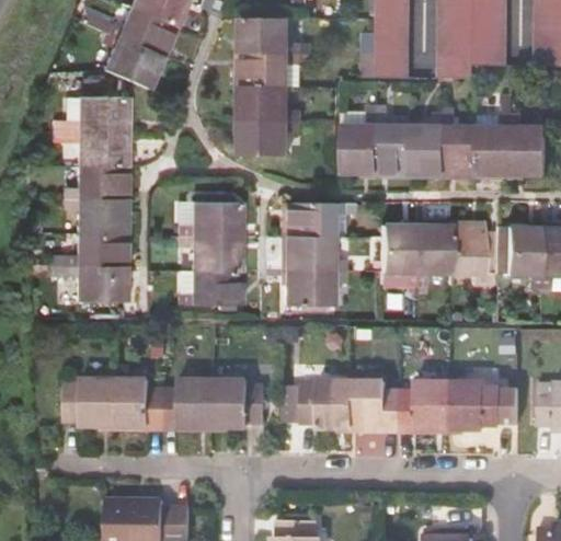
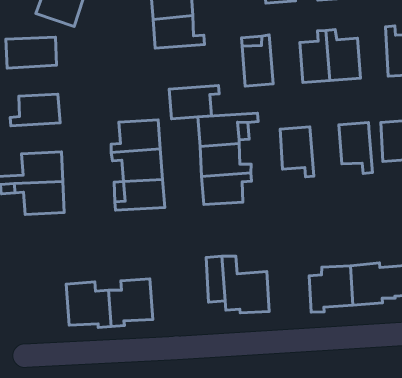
building: [378,112,413,171] -> none
building: [481,112,515,171] -> none
building: [243,117,301,152] -> [169,85,219,119]
building: [68,127,126,162] -> none
building: [67,195,125,230] -> none
building: [417,223,451,281] -> none
building: [68,385,117,434] -> none
building: [216,387,266,435] -> none
building: [353,389,403,440] -> none

